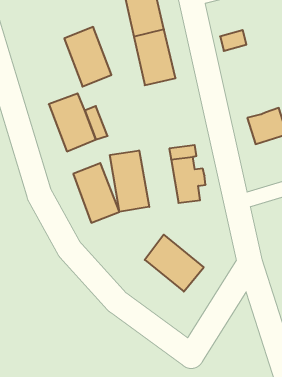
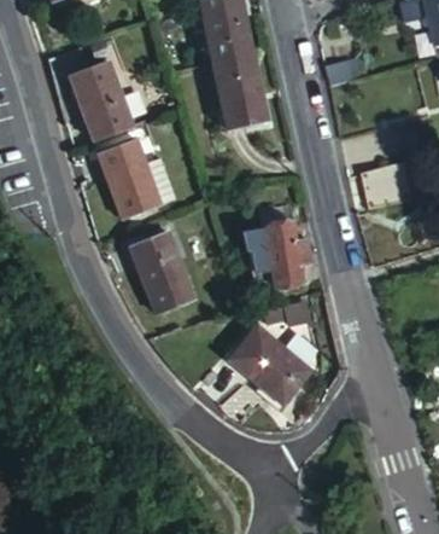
building: [64,27,111,87] -> [69,60,131,140]
building: [110,150,149,212] -> none

